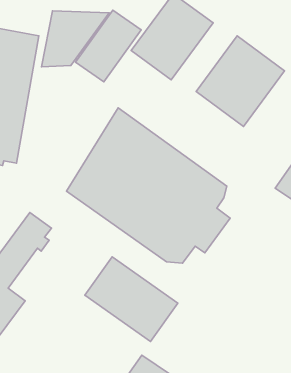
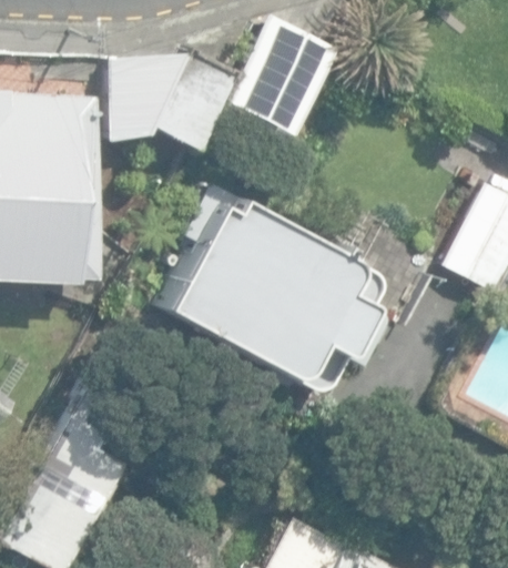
building: [196,36,285,126] -> none
building: [85,257,178,341] -> none

